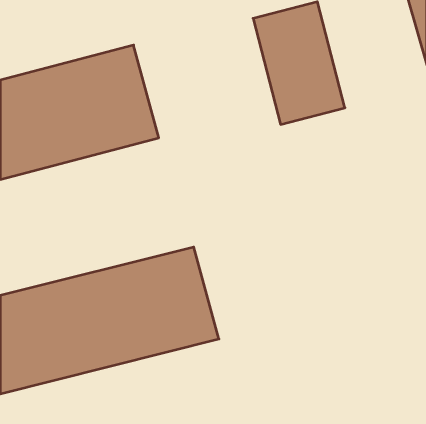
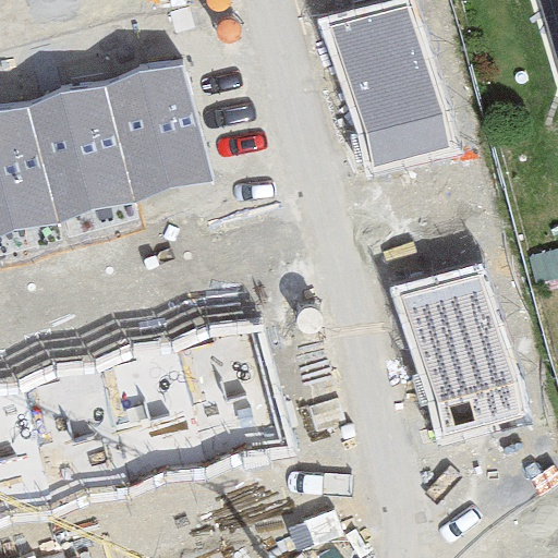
building: none -> [401,271,522,432]

